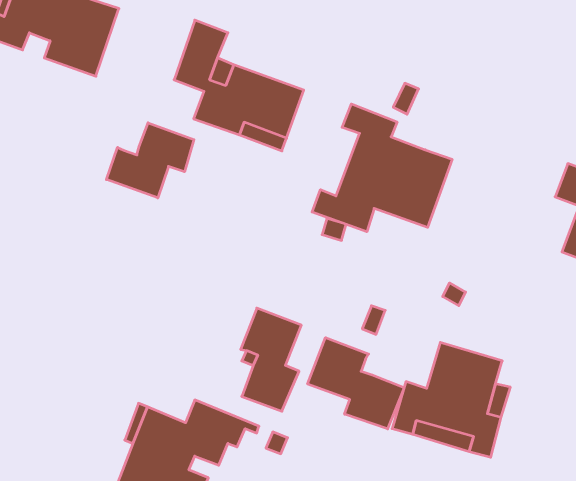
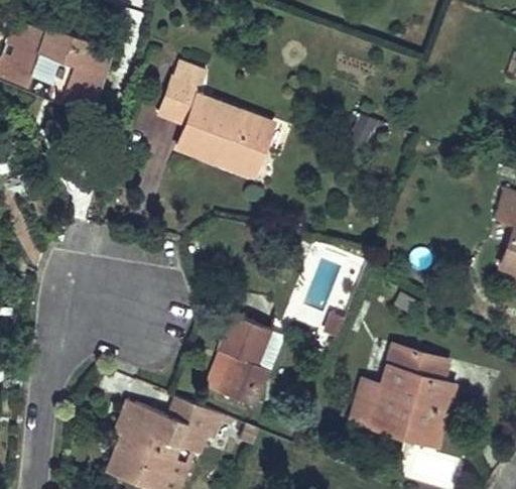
building: [312,104,452,232] -> none
building: [106,123,194,198] -> none
building: [308,338,404,429] -> none

